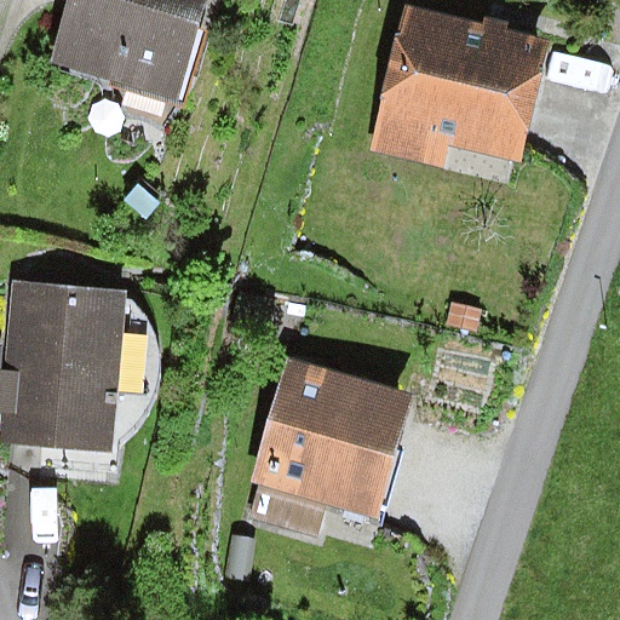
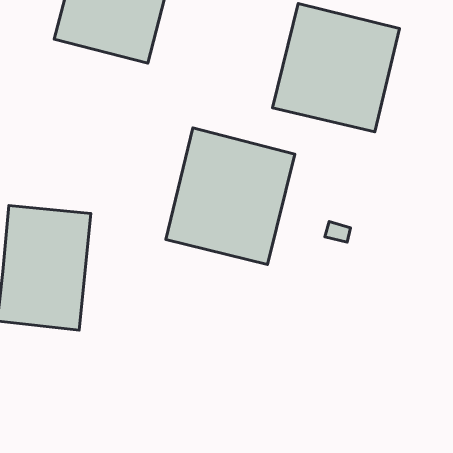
building: none -> [166,128,295,264]
building: [249,362,406,533] -> none

